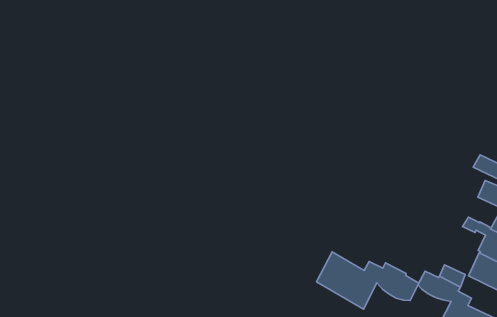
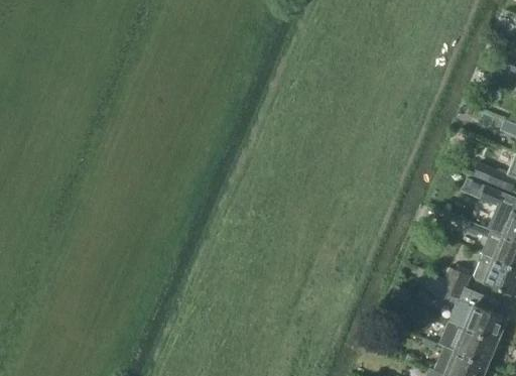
building: [316,252,419,309] -> none

